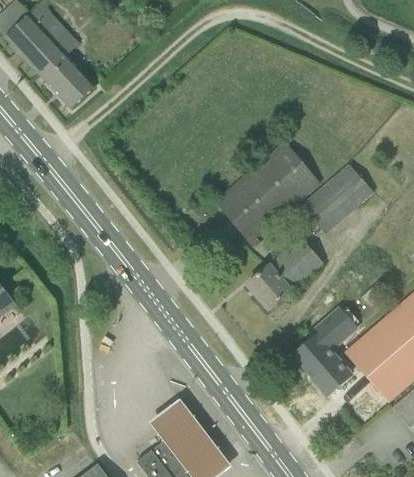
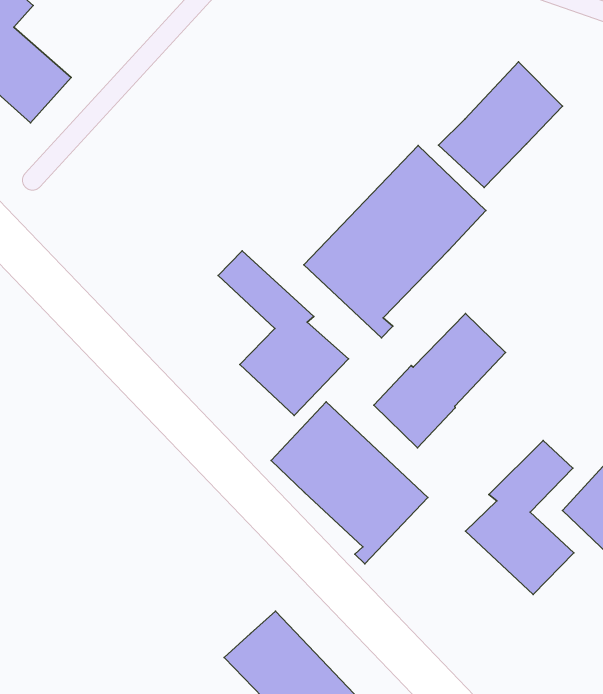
building: [301,165,372,233] -> [439,62,562,188]
building: none -> [218,251,348,415]
building: none -> [271,402,428,564]

